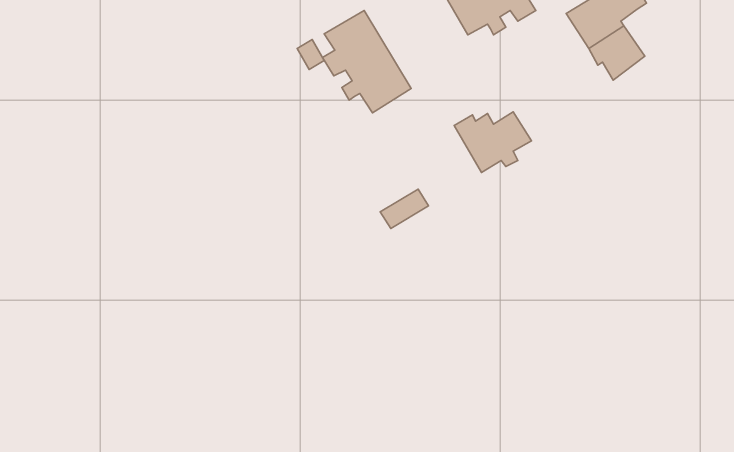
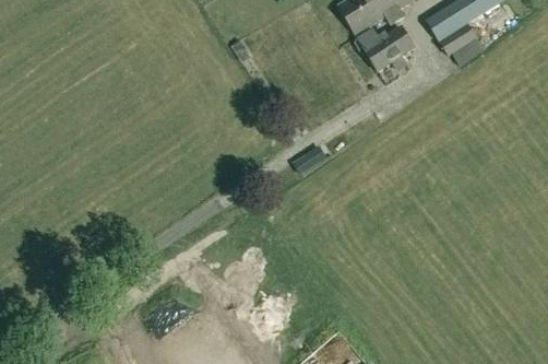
building: [323,11,411,113] -> none
building: [454,112,531,172] -> [358,27,414,71]

